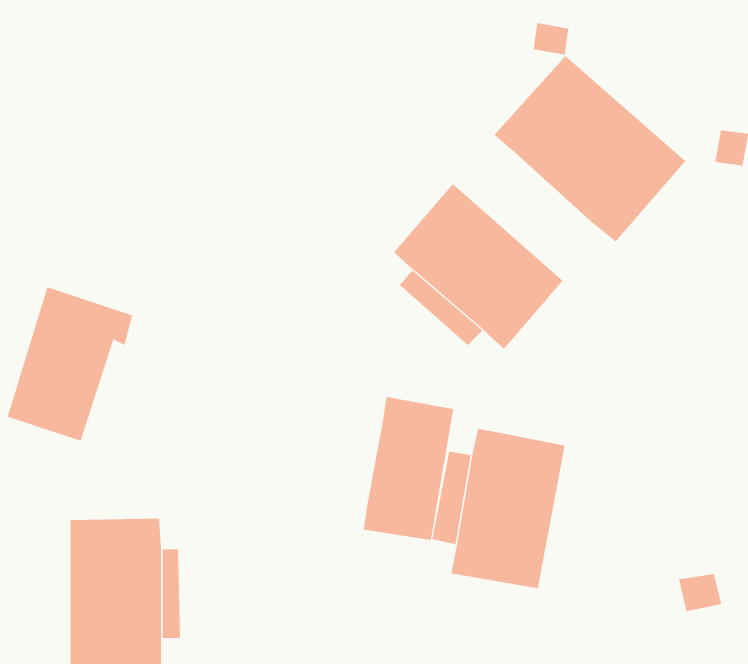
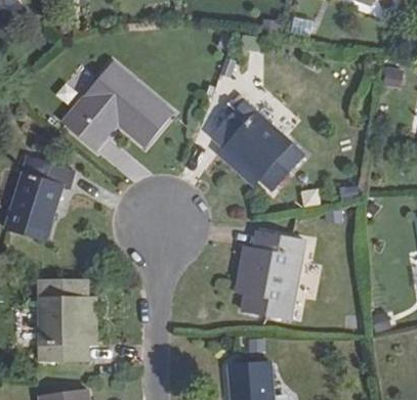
building: [494,55,686,243] -> none
building: none -> [64,63,172,148]
building: [363,396,454,541] -> none

